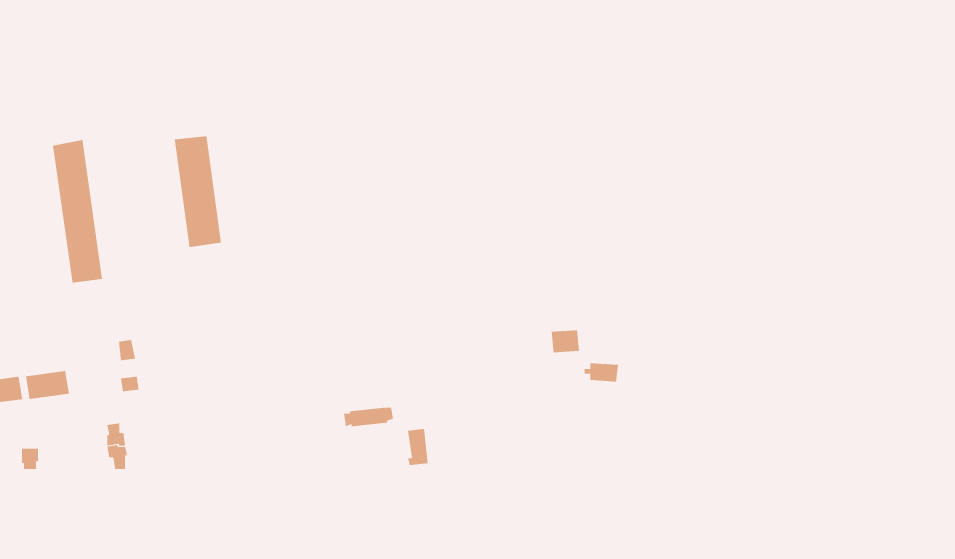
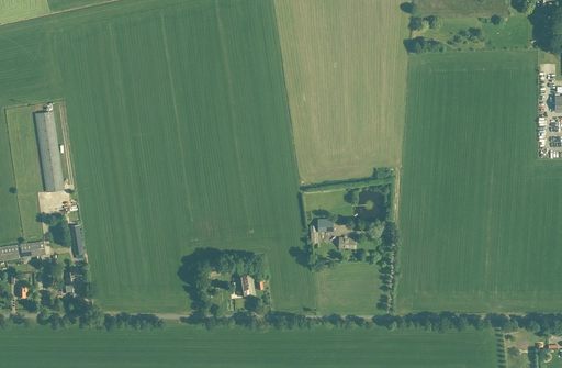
building: [174,136,222,248] -> none

